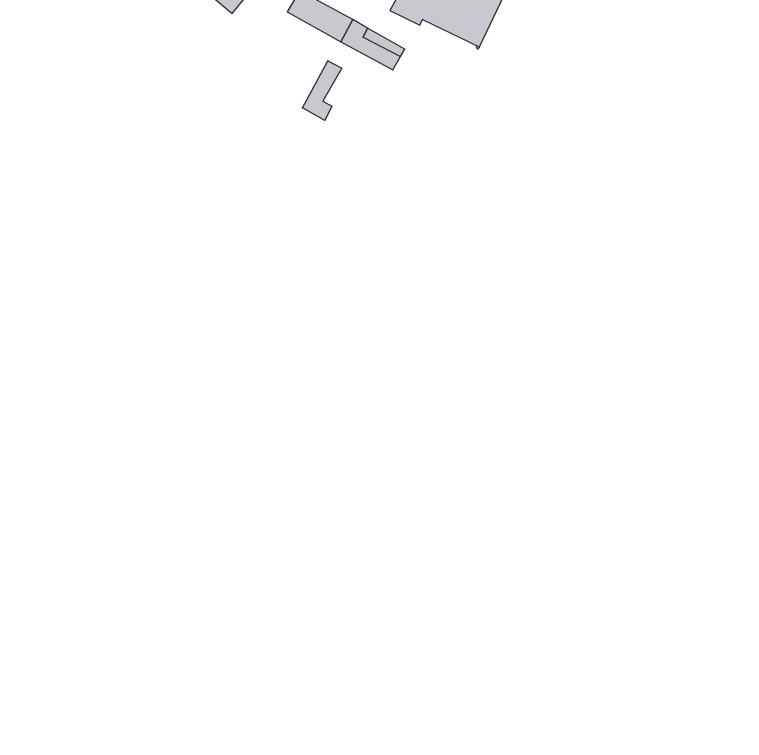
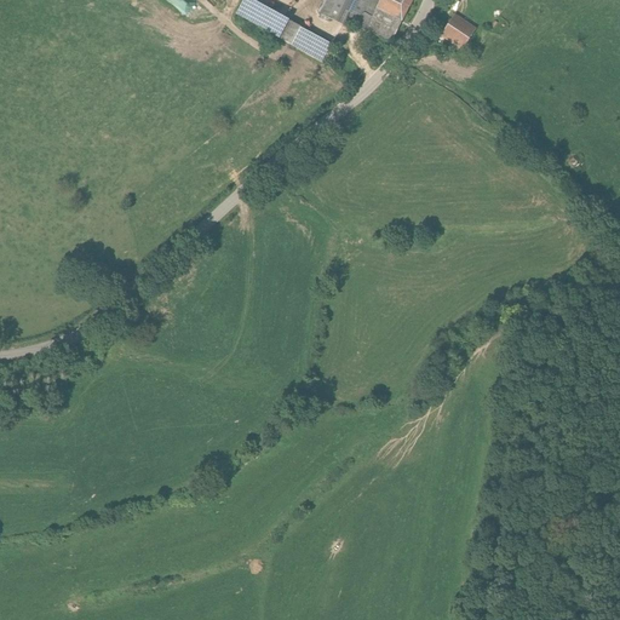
building: none -> [440,11,473,45]
building: [302,61,342,120] -> none

